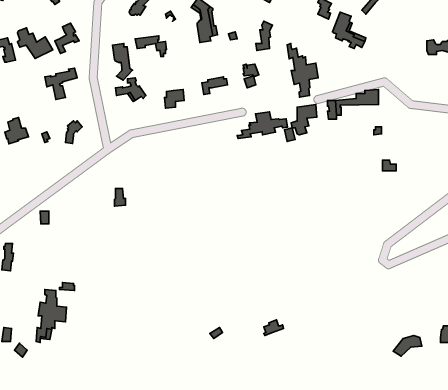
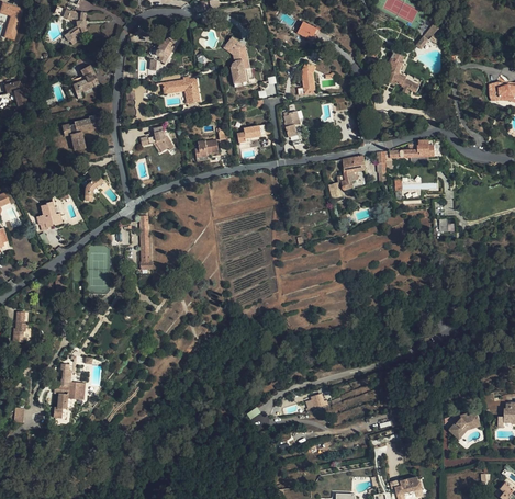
building: [17,28,53,59] -> none
building: [287,44,318,97] -> none
building: [113,44,132,80] -> none
building: [237,112,287,139] -> none
building: [5,117,28,144] -> [37,201,64,230]

